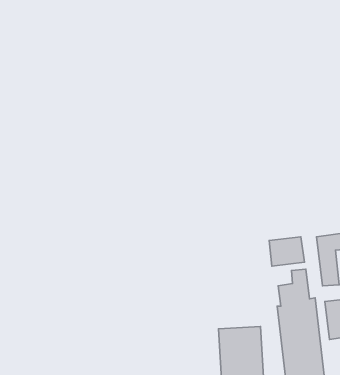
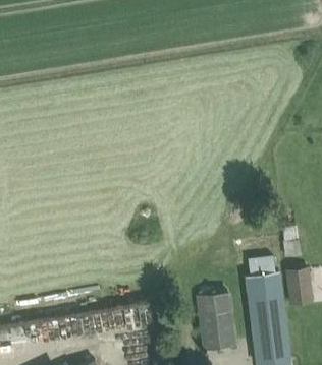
building: [269,237,304,266] -> none

